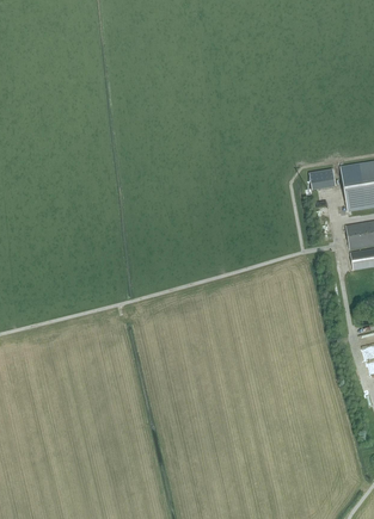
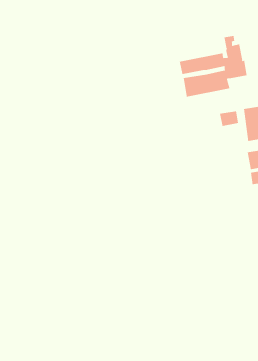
building: none -> [179,35,247,98]

